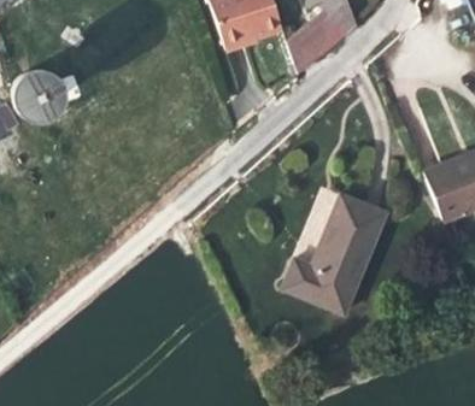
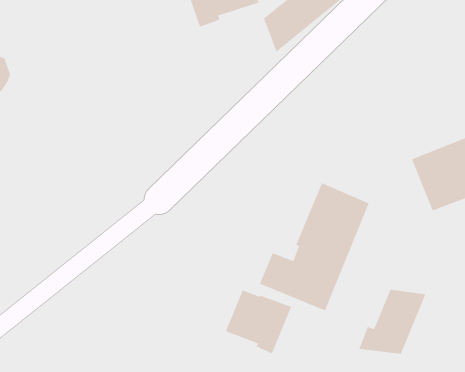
building: none -> [358,289,426,355]
building: none -> [225,290,292,354]

